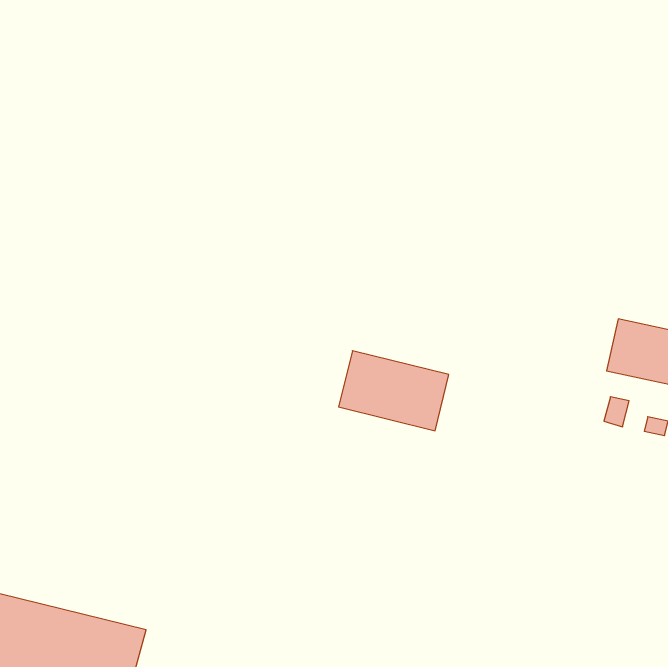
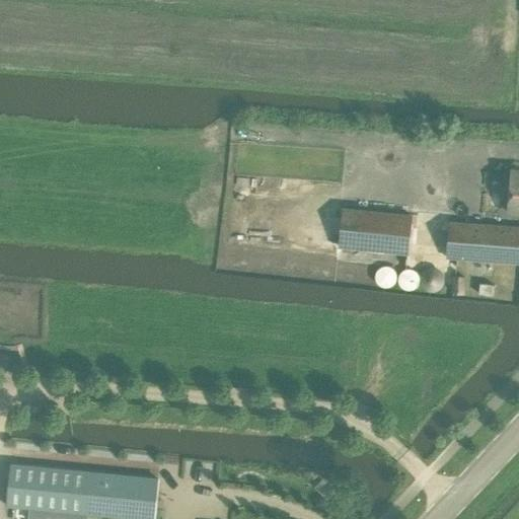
building: [339,351,449,431] -> [340,208,412,254]

